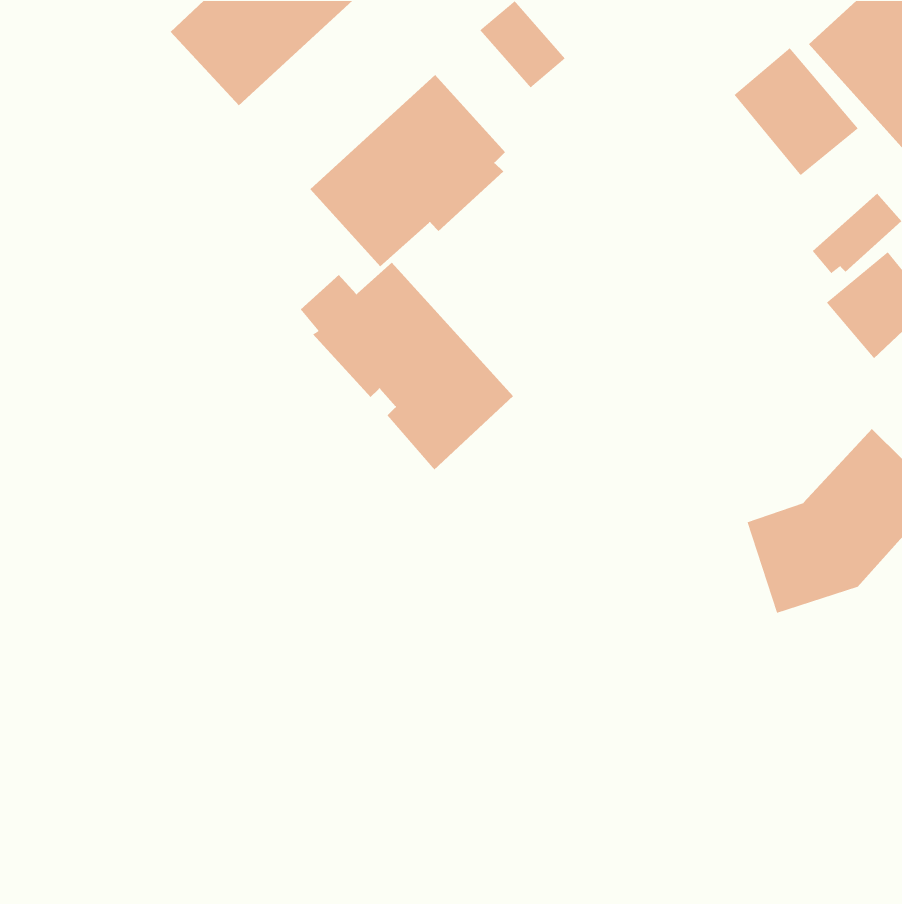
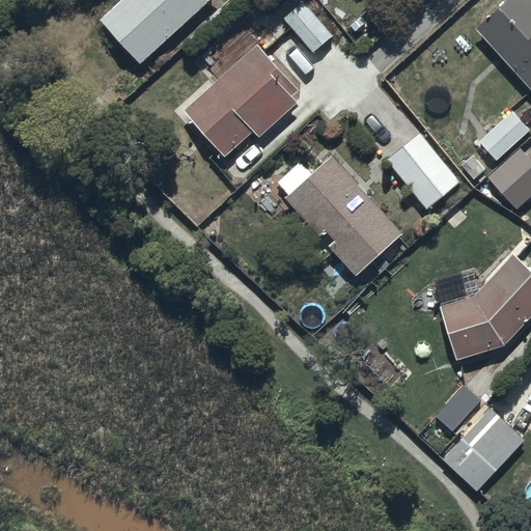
building: [733,47,859,176] -> [386,133,459,208]
building: [300,262,514,470] -> [277,153,402,276]
building: none -> [436,384,525,490]

